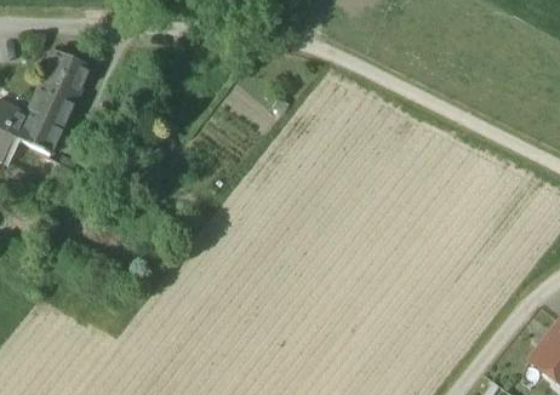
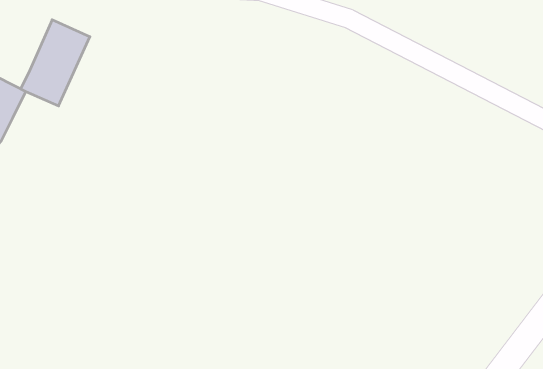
building: [18,118,61,155] -> none

